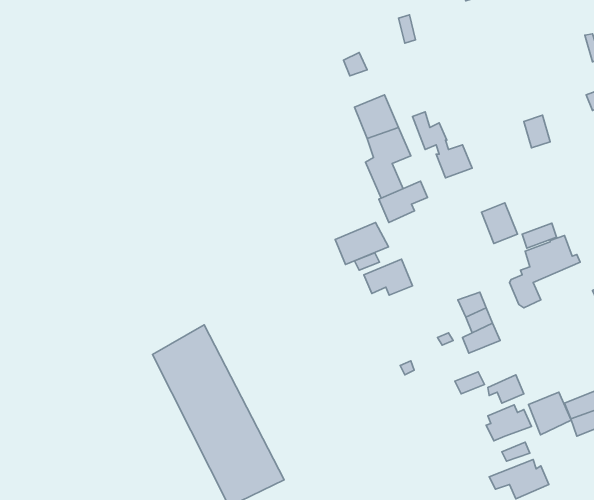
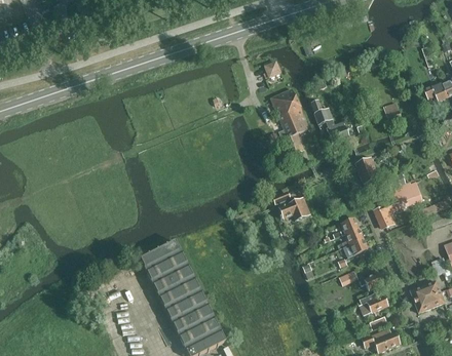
building: [379,181,428,222] -> none
building: [335,222,388,264] -> none
building: [528,392,571,435] -> none

